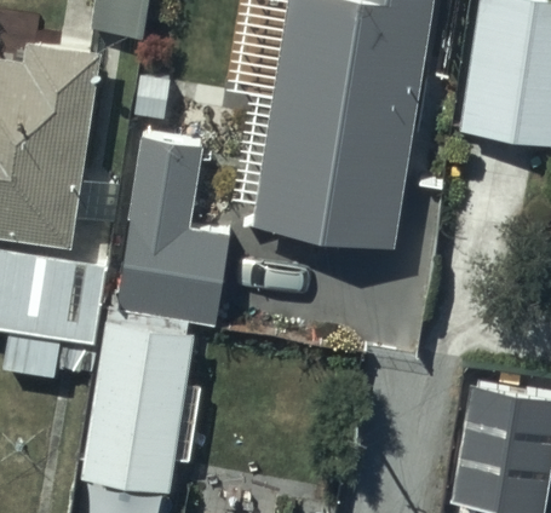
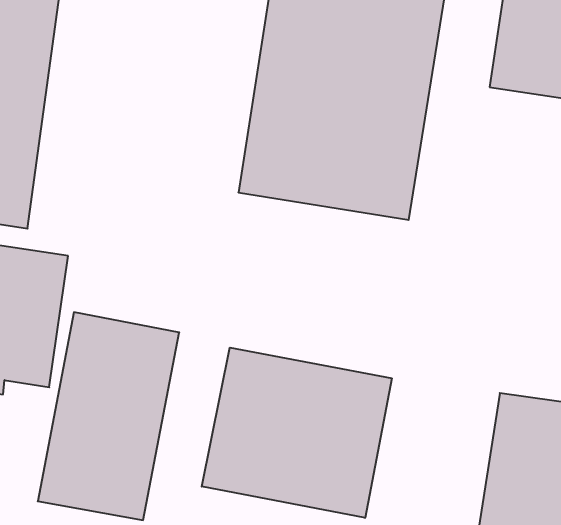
building: [113,134,226,322] -> none
building: none -> [202,348,392,518]

